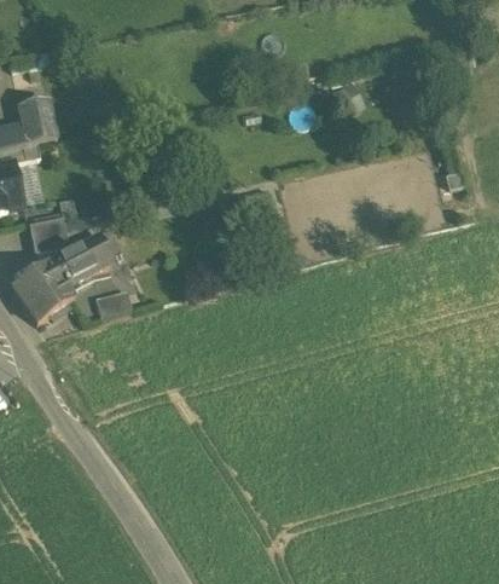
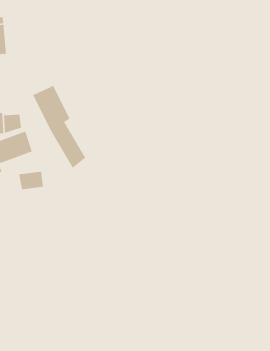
building: none -> [32,85,86,169]

